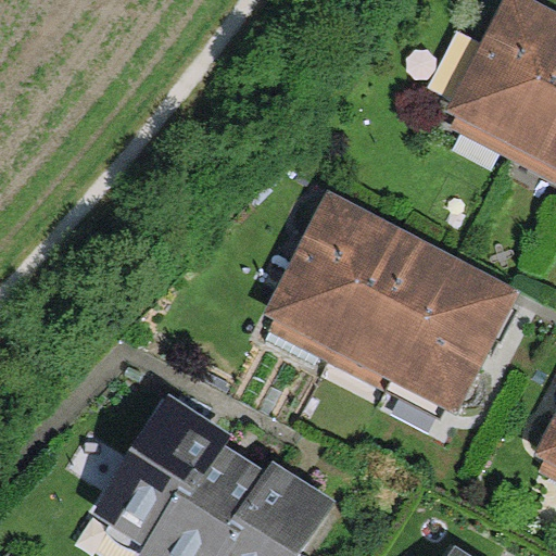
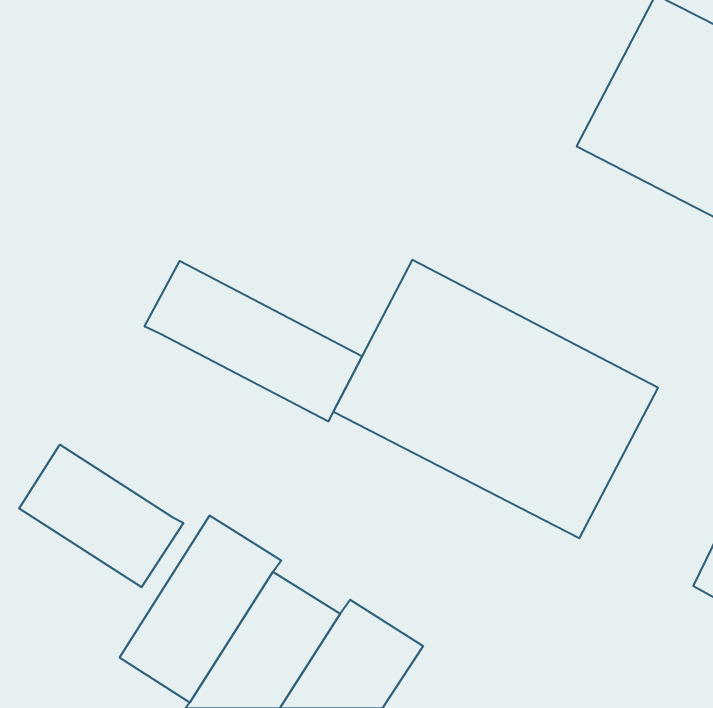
building: none -> [145,261,362,421]
building: none -> [19,445,183,587]

